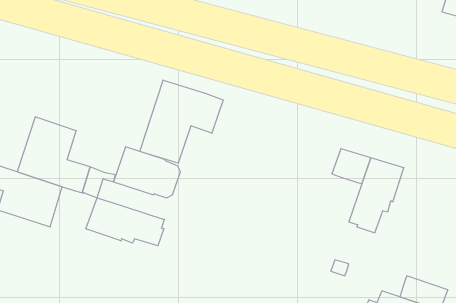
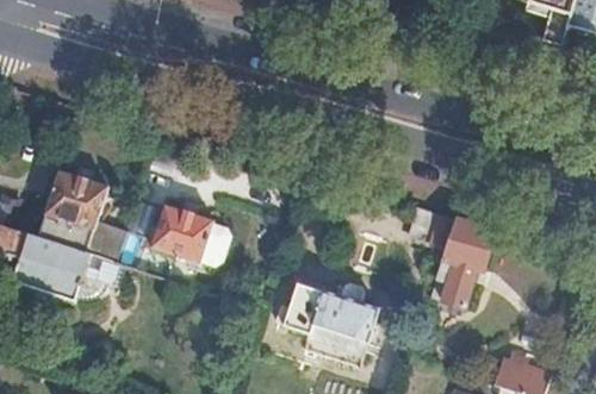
building: [140,80,223,163] -> none
building: [86,198,164,246] -> none
building: none -> [284,281,377,363]

